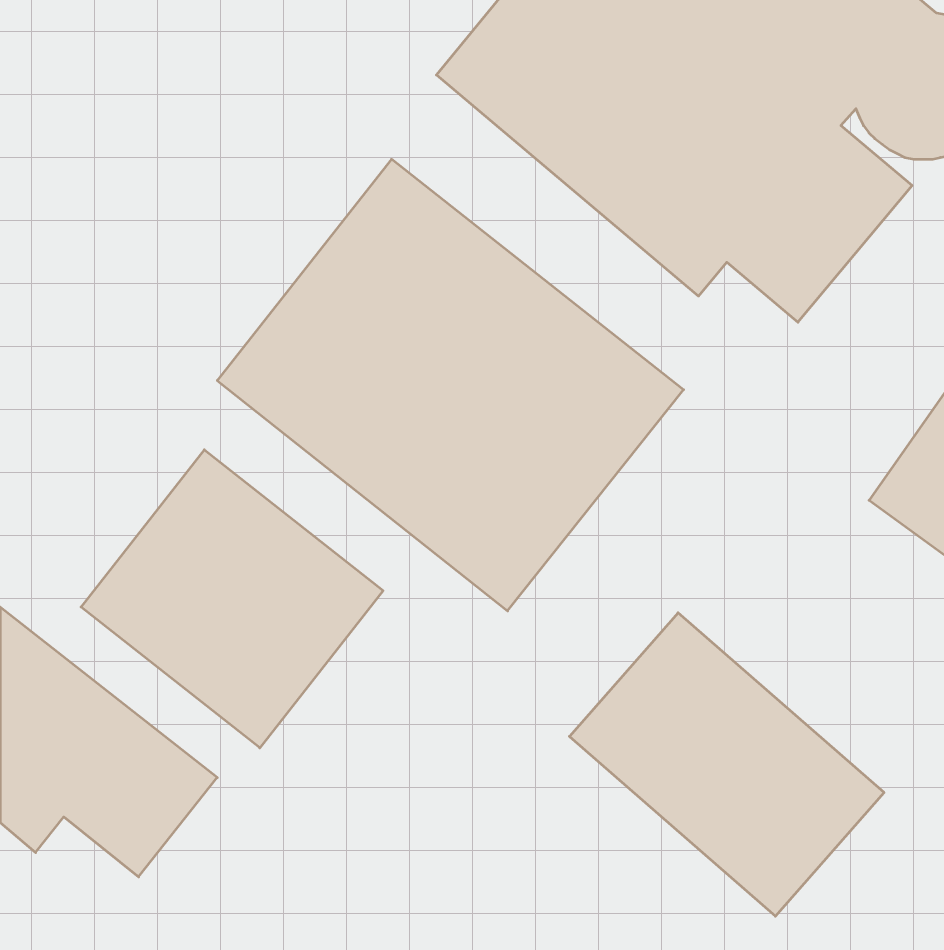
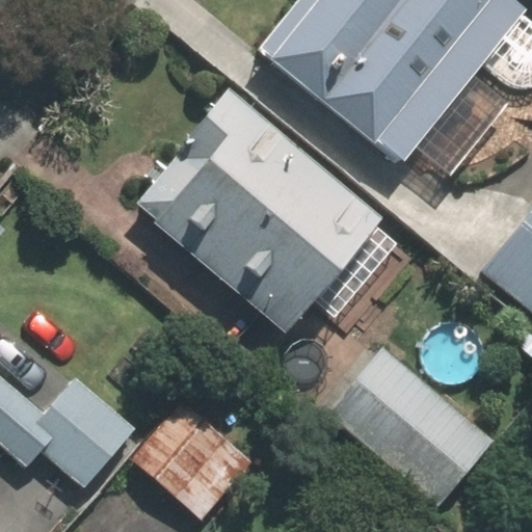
building: [81,450,383,748] -> none
building: none -> [139,403,257,518]

